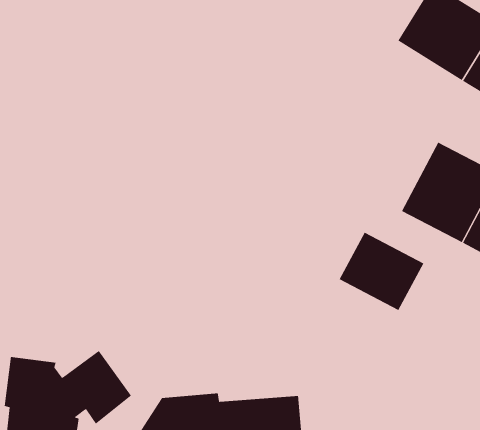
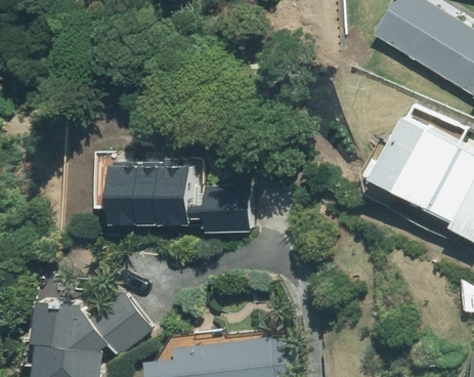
building: none -> [89,165,249,232]
building: [339,232,424,311] -> none

